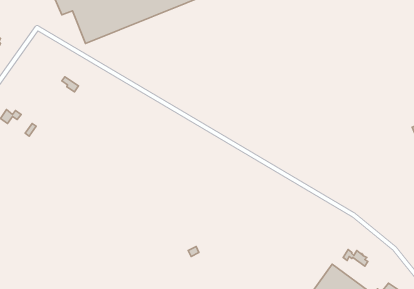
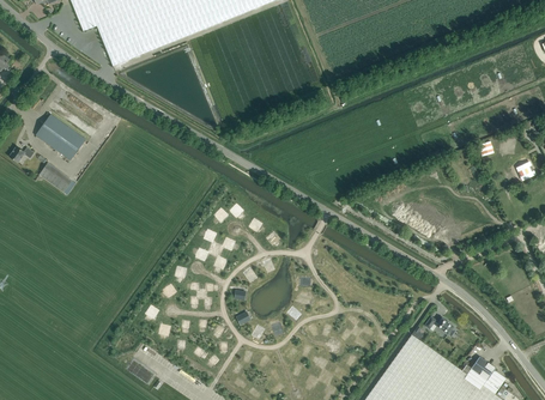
building: none -> [37,113,87,158]

